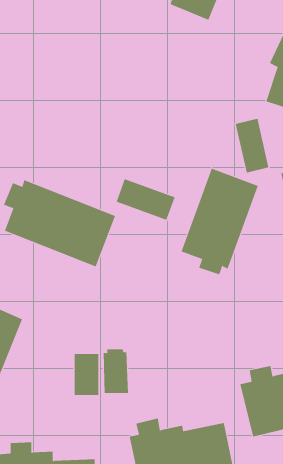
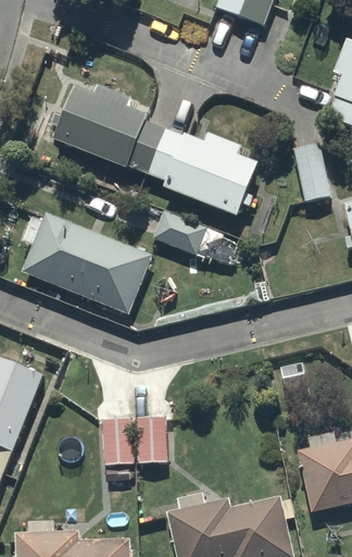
building: none -> [50,85,257,218]
building: [181,168,259,275] -> none

